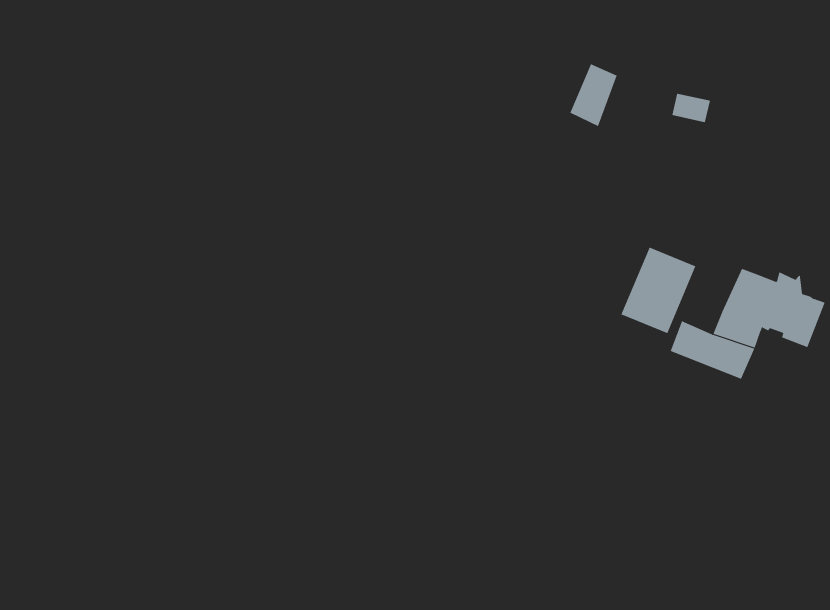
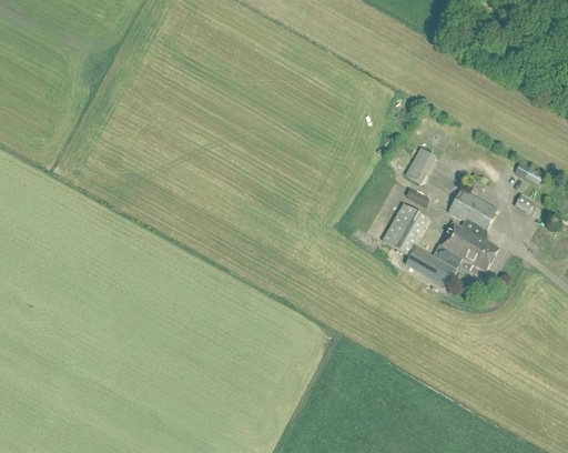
building: [570,63,617,127] -> [405,148,435,184]
building: none -> [447,188,496,232]

